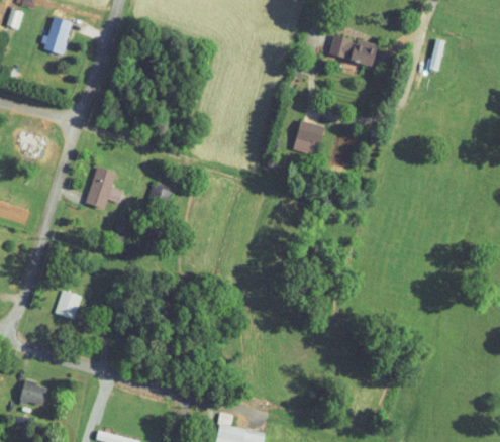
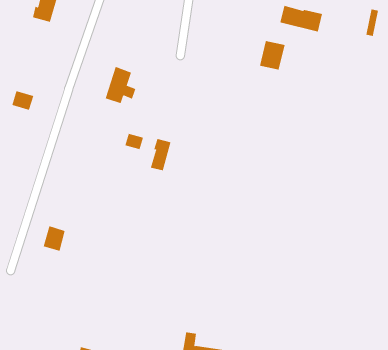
building: [294,121,324,155] -> [259,40,285,70]
building: [86,165,122,209] -> [105,66,136,104]
building: none -> [150,138,171,171]
building: [20,381,47,407] -> none

